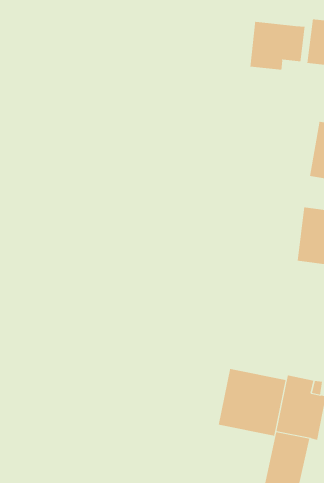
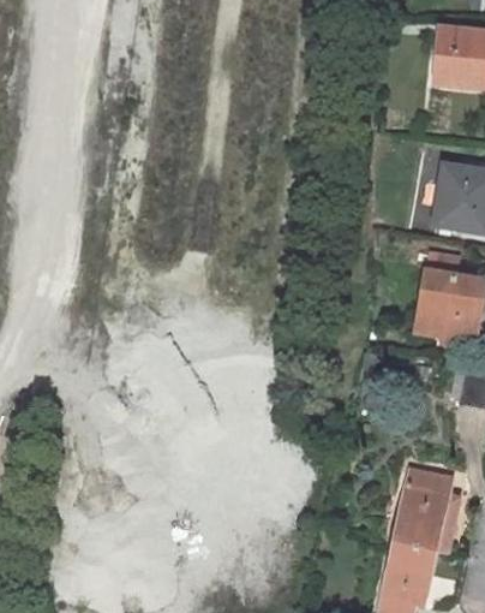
building: [250,21,305,70] -> none
building: [218,368,286,436] -> none

